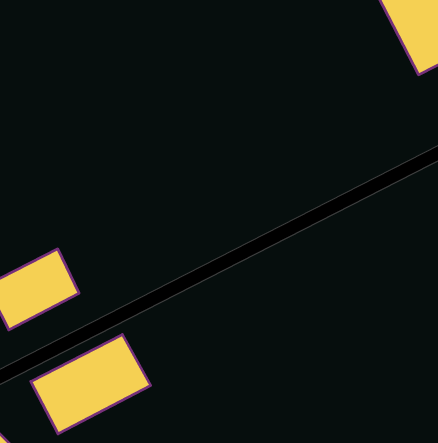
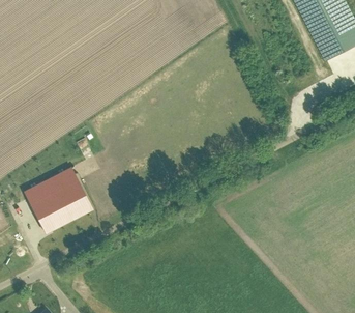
building: [31,334,151,434] -> none

